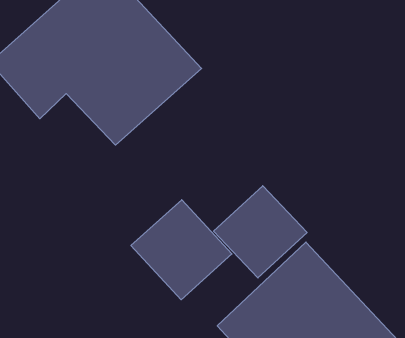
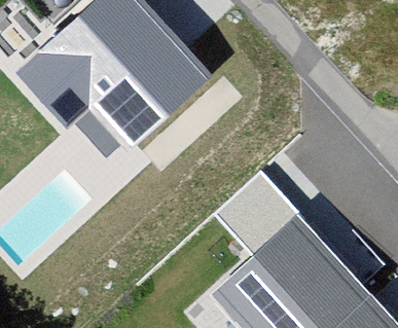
building: [131,200,232,300] -> none

